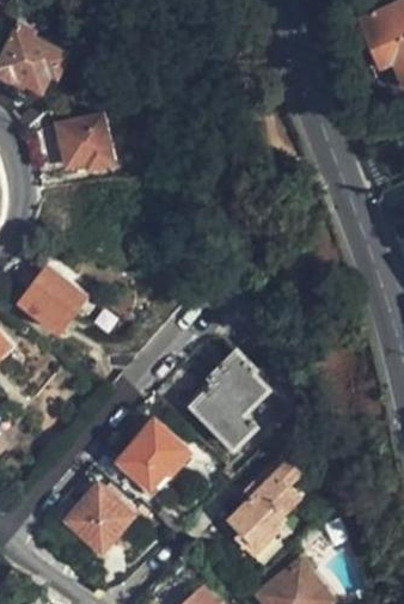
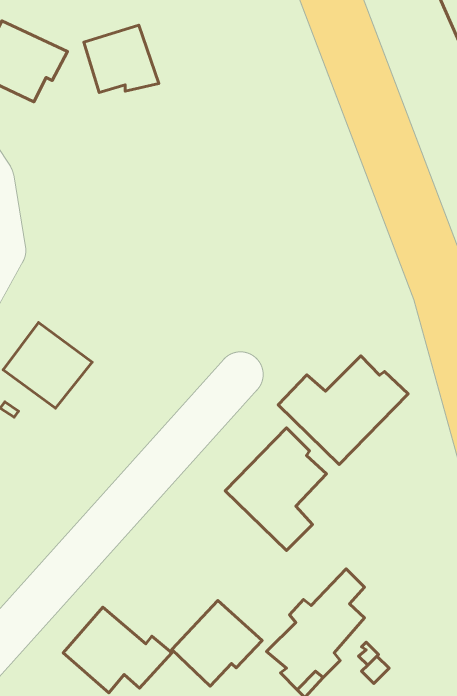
building: [55,116,114,169] -> [84,25,159,93]
building: none -> [278,356,408,465]
building: [118,423,189,490] -> [172,601,262,686]

